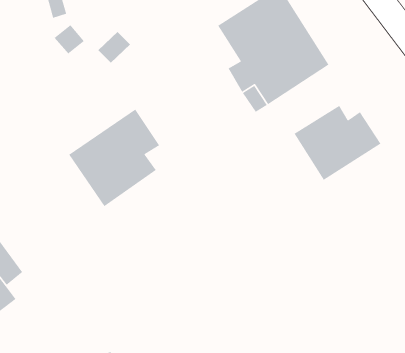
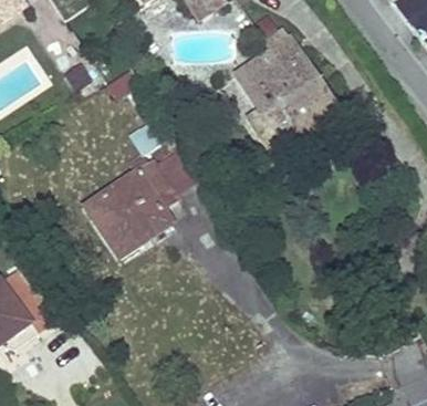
building: [293,105,381,181] -> none

